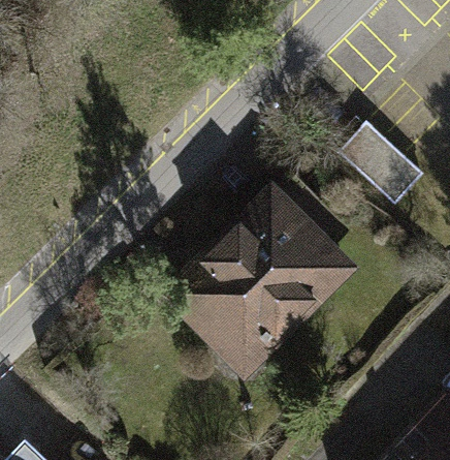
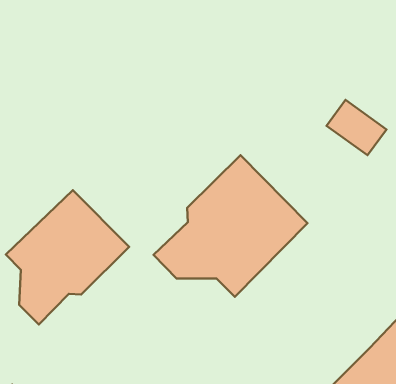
building: none -> [6,190,129,324]

